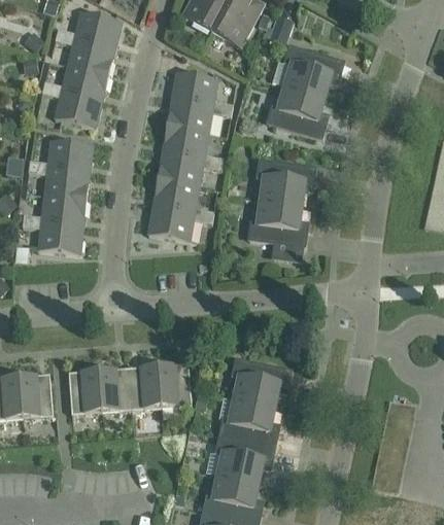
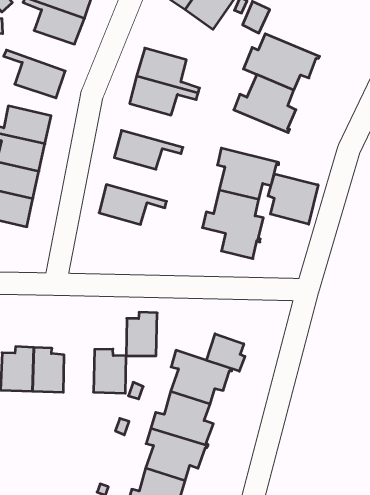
building: [43,65,108,101] -> none
building: [162,126,224,163] -> none
building: none -> [268,174,318,224]
building: [152,179,213,216] -> none
building: none -> [206,334,245,371]
building: [129,365,161,410] -> [126,312,157,356]

